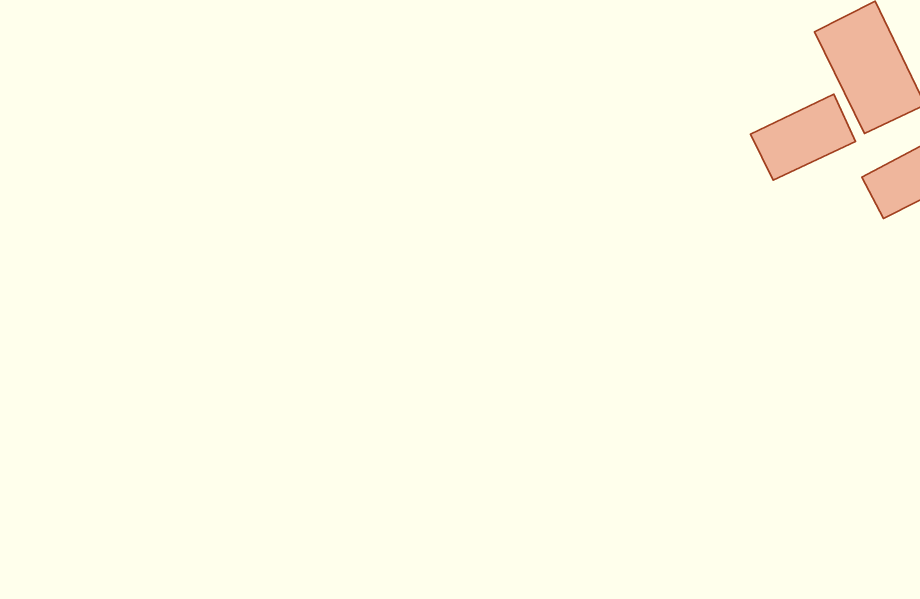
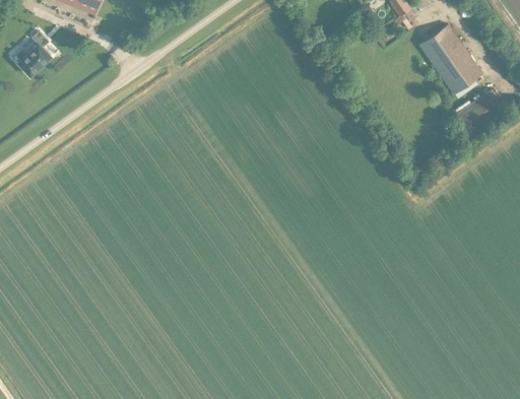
building: [751,94,855,180] -> none

